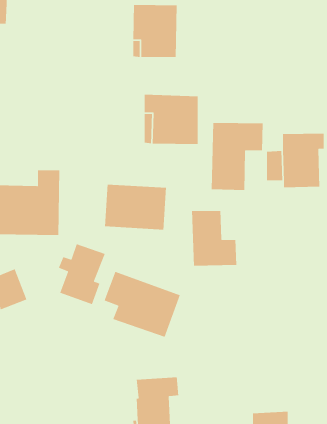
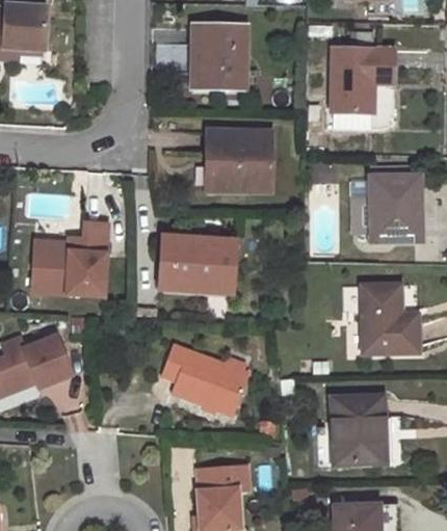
building: [211,122,264,191] -> [333,48,395,129]
building: [191,210,237,266] -> [364,285,418,351]
building: [58,243,106,305] -> none
building: none -> [333,396,386,462]

